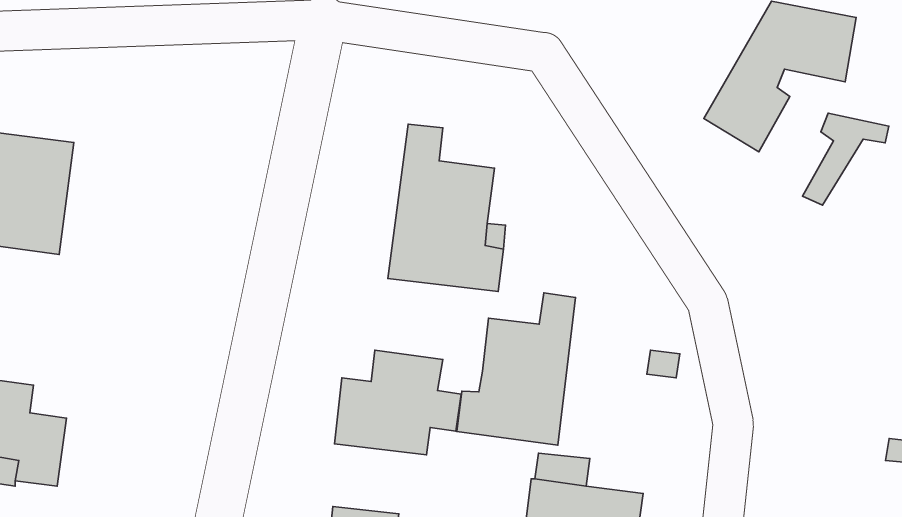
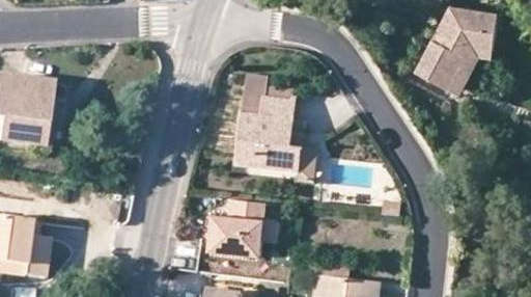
building: [802,113,889,205] -> [445,44,494,96]
building: [457,293,576,445] -> none

